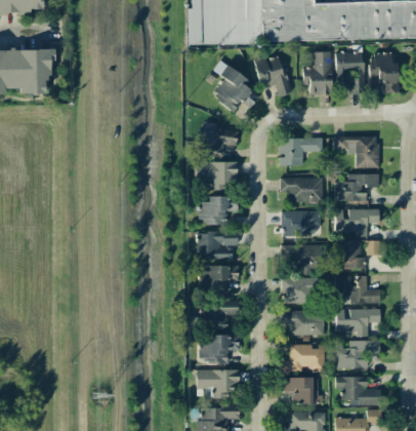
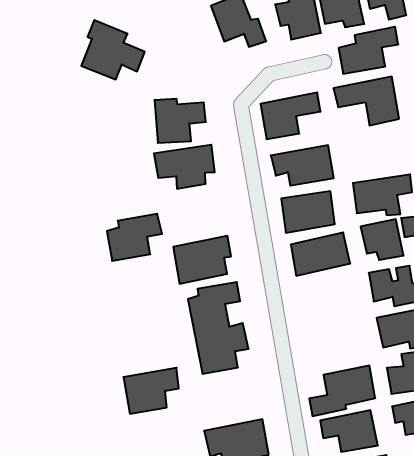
building: [211,66,259,112] -> [81,20,145,79]
building: [335,173,379,201] -> [339,27,398,74]
building: [199,196,239,225] -> [107,214,162,261]
building: [282,277,320,304] -> none
building: [282,311,324,336] -> none
building: [200,335,240,362] -> [123,368,179,414]

